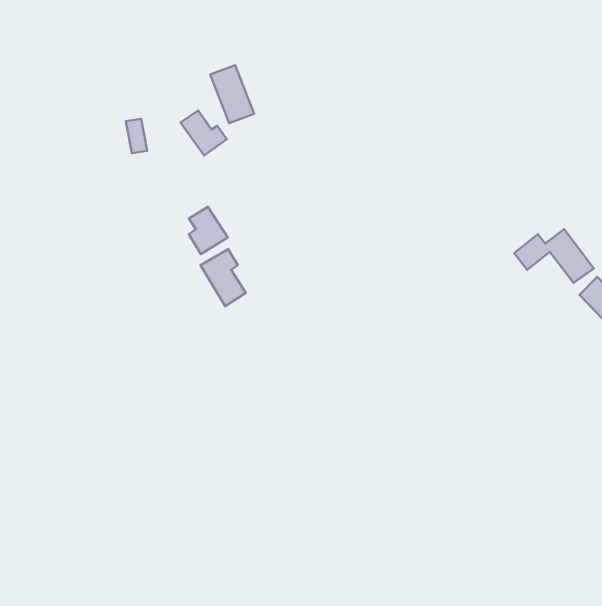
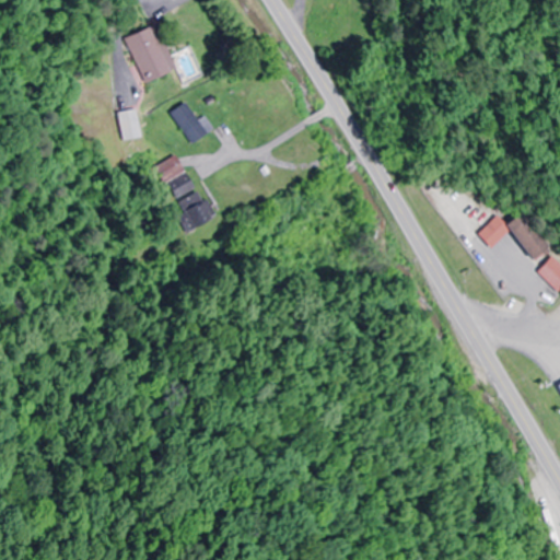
building: [210,65,254,123] -> [125,26,165,80]
building: none -> [155,155,196,199]
building: [200,249,246,306] -> none

